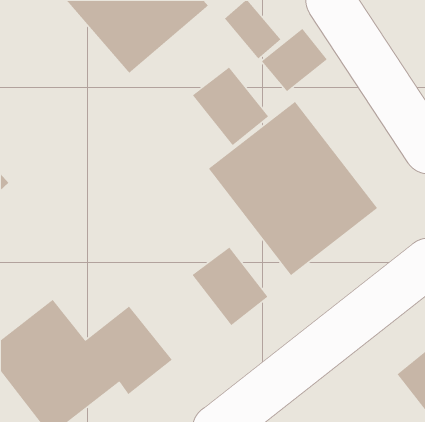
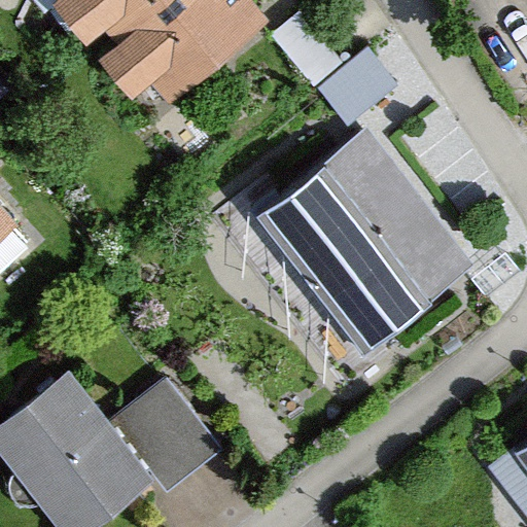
building: [192,67,269,146] -> none
building: [191,247,268,326] -> none

